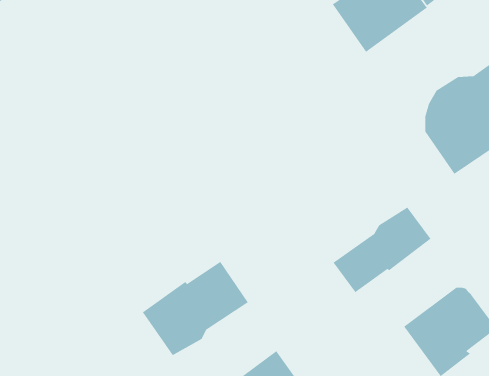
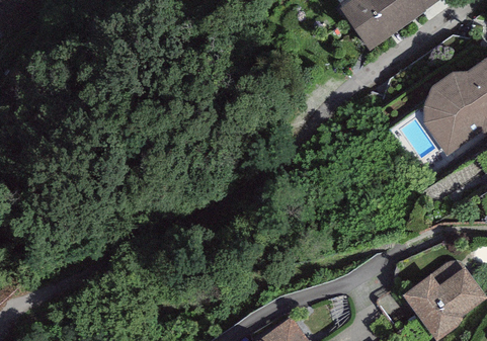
building: [333,207,431,293] -> none
building: [142,261,249,356] -> none

